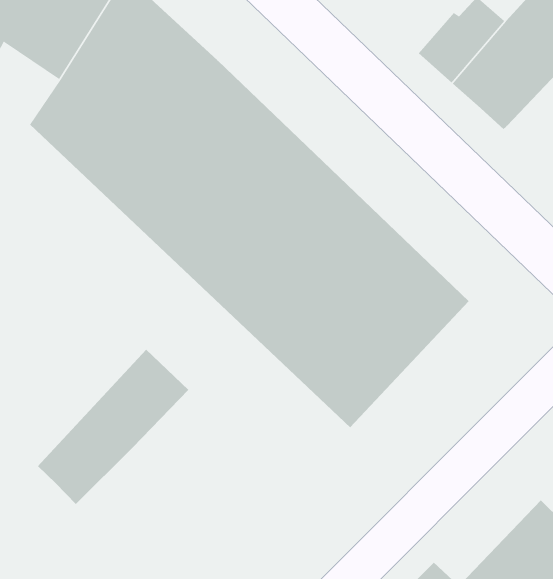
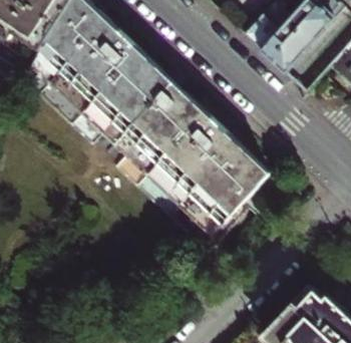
building: [37,349,189,505] -> none

